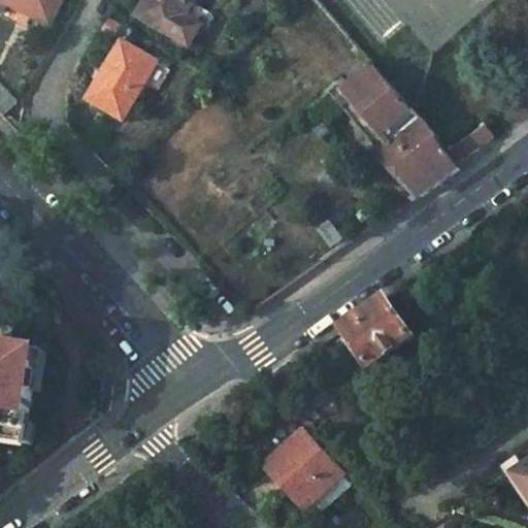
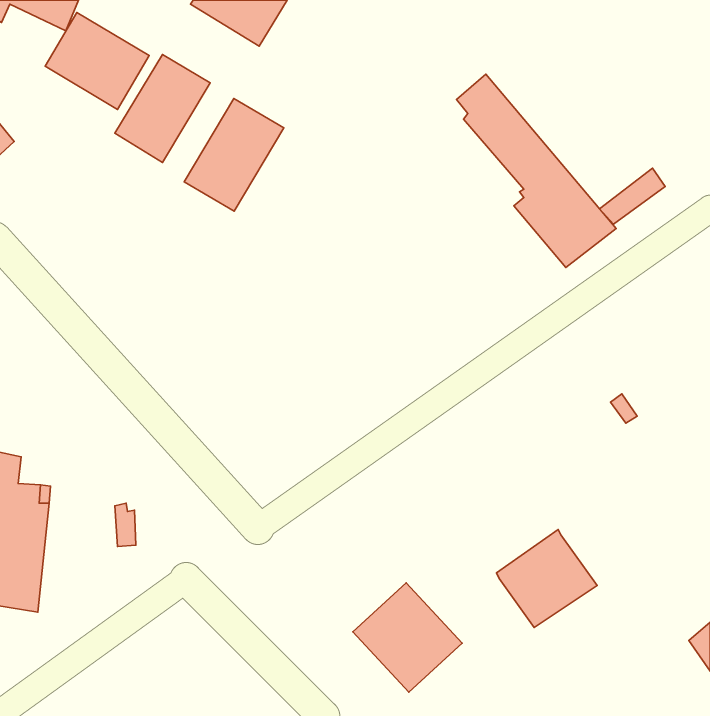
building: none -> [45,12,149,109]
building: none -> [184,98,284,211]
building: [335,294,409,366] -> [496,529,597,627]

